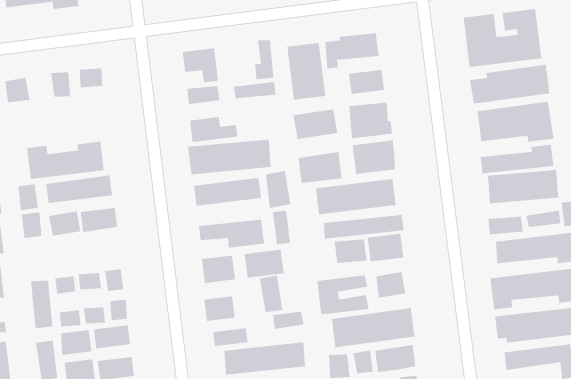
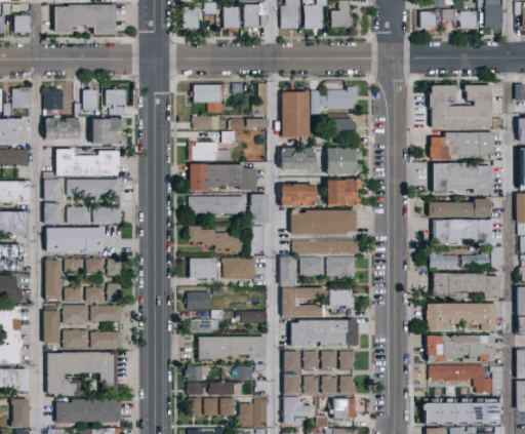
building: none -> [89,116,124,143]
building: none -> [43,116,78,139]
building: none -> [45,227,103,251]
building: [259,275,283,312] -> [279,255,295,285]

